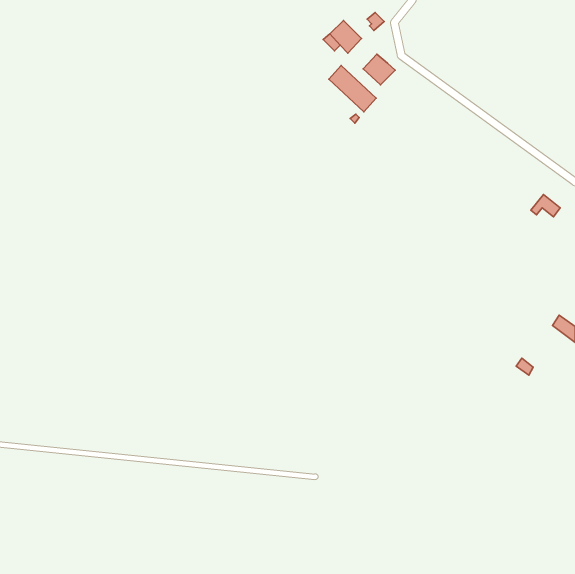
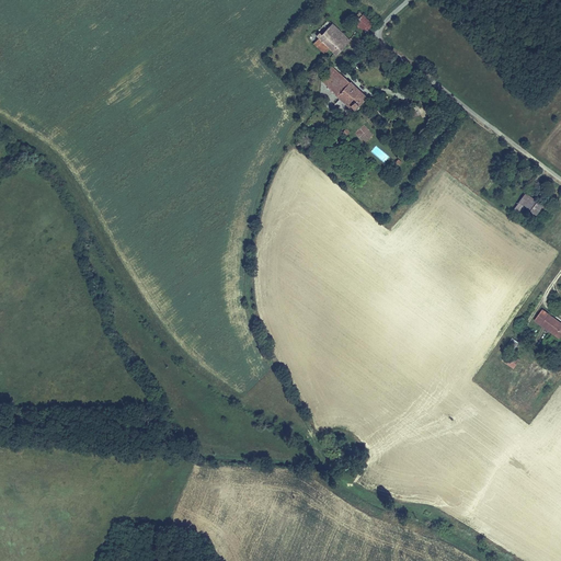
building: [363,54,395,85] -> none

